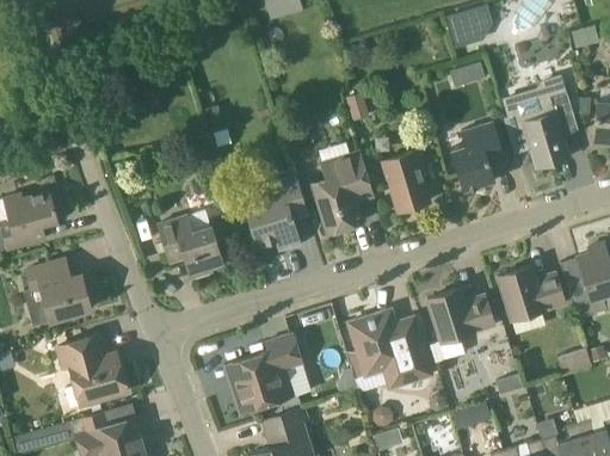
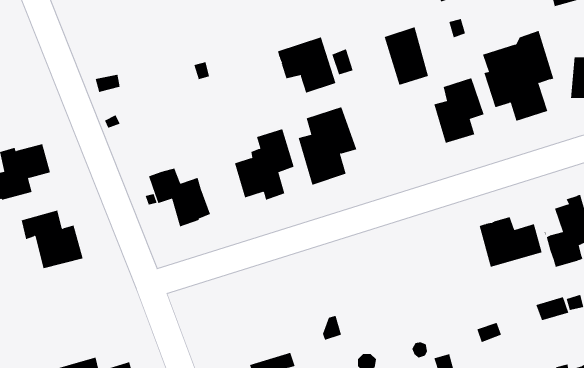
building: none -> [277,37,336,93]
building: [383,150,430,211] -> [384,26,429,85]
building: [427,288,495,362] -> none
building: [349,309,433,388] -> none
building: [224,333,303,413] -> none
building: [56,334,128,406] -> none

